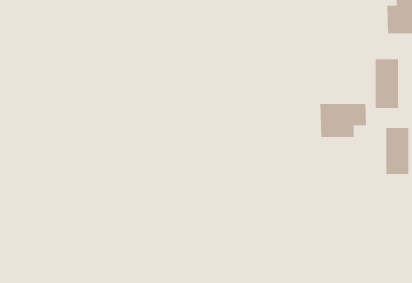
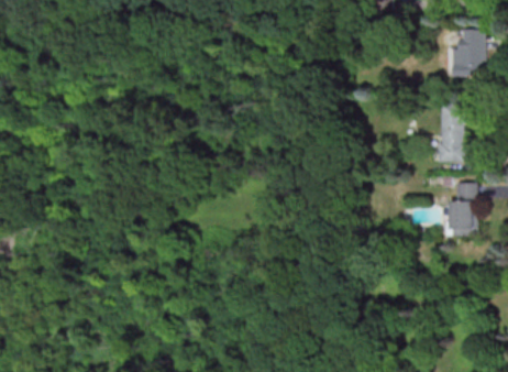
building: [320,103,366,138] -> none

